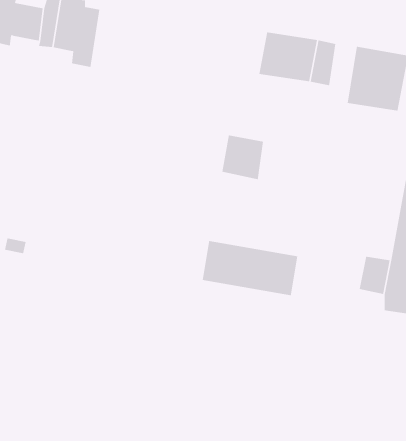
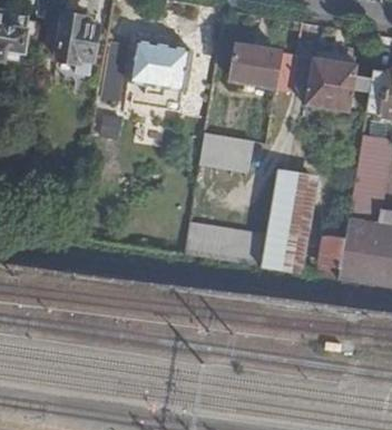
building: none -> [129,37,192,107]
building: none -> [261,172,313,272]

